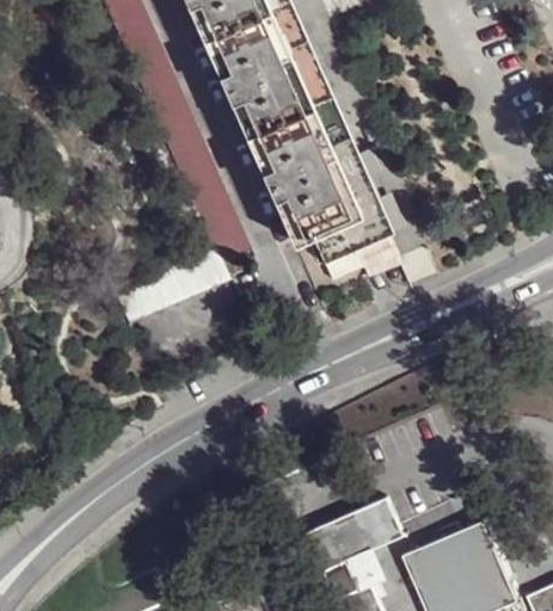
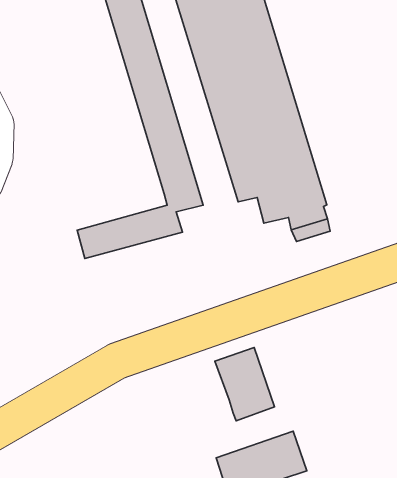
building: none -> [215,348,275,421]

